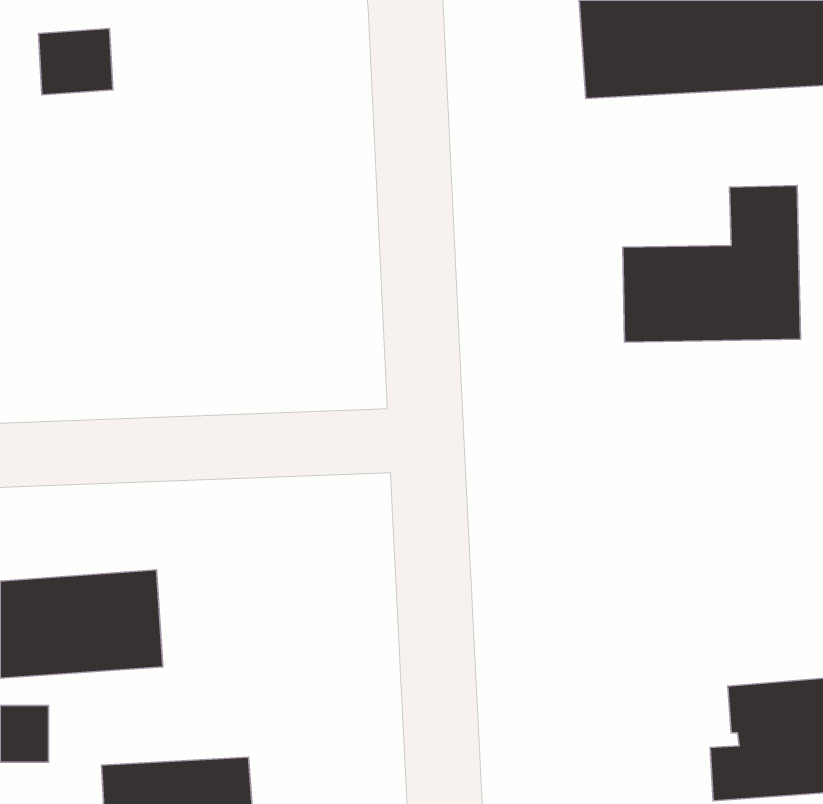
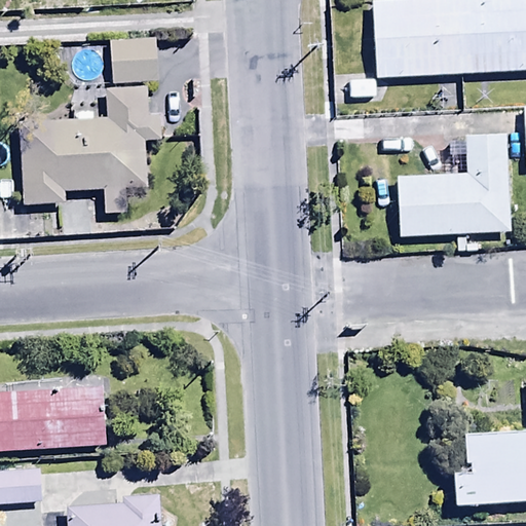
building: [39,29,113,95] -> [111,36,158,78]
building: none -> [21,103,160,230]

